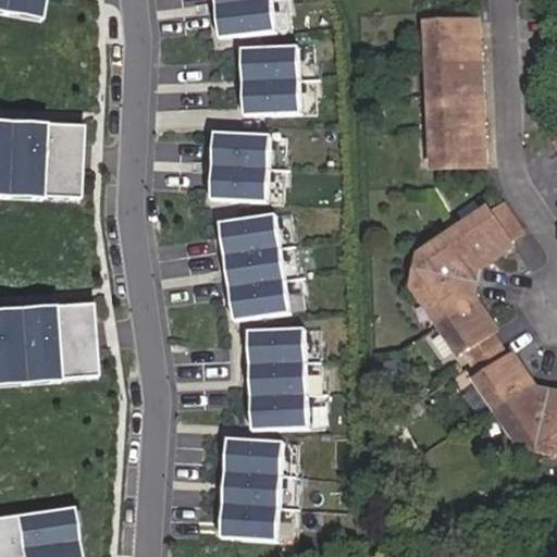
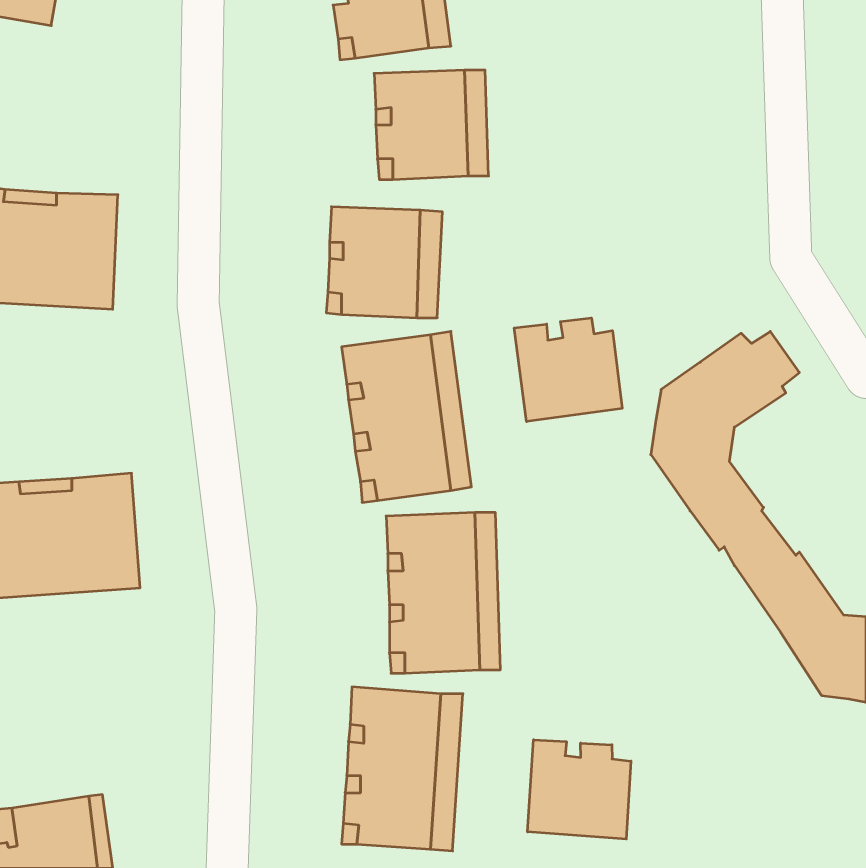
building: [426,21,479,162] -> none
building: none -> [514,318,622,422]
building: none -> [528,740,631,839]

